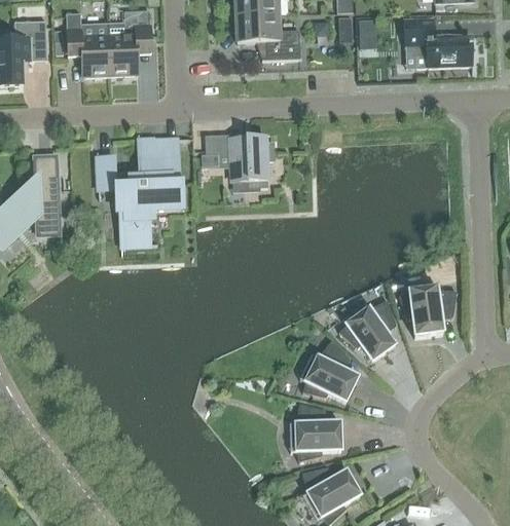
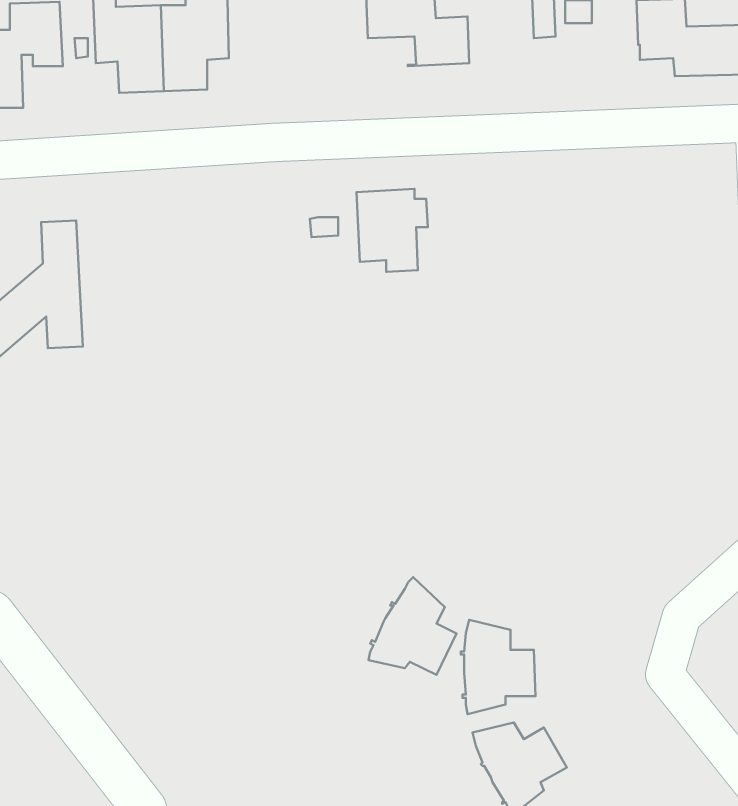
building: [97,134,187,246] -> none
building: [398,288,457,337] -> none
building: [338,300,396,361] -> none
building: [302,340,357,401] -> [368,577,456,675]

